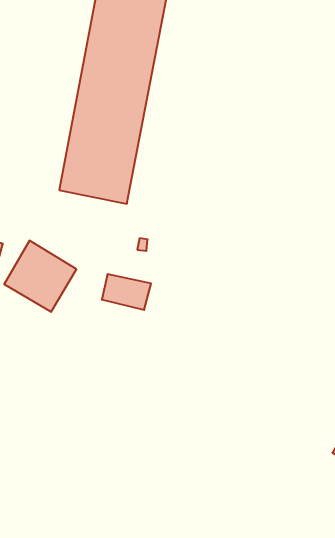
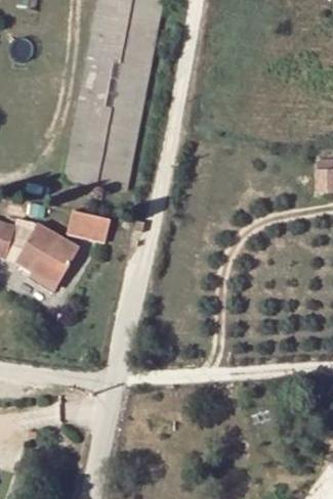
building: [102,274,151,310] -> [67,210,111,241]

